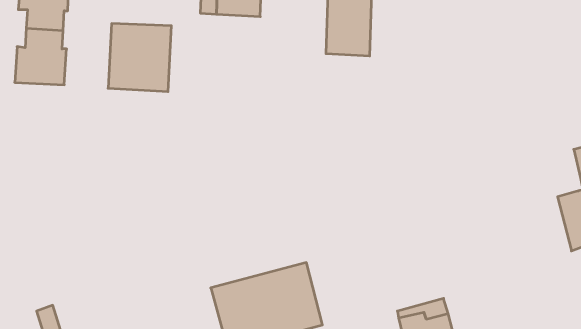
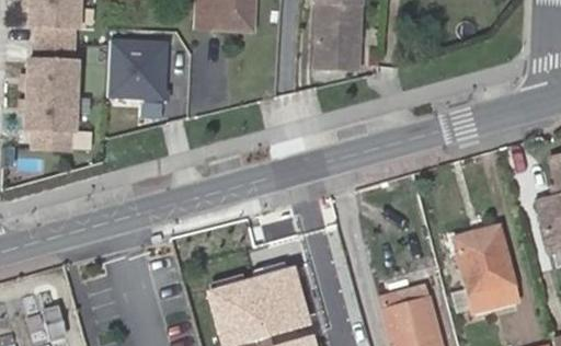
building: none -> [20,93,68,148]
building: none -> [456,228,517,310]

